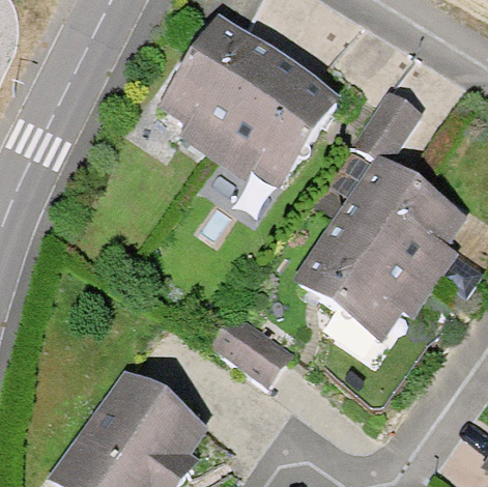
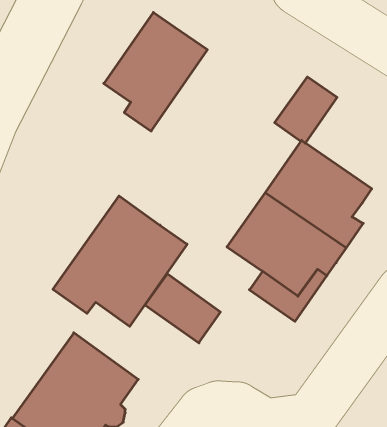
building: [217,58,338,177] -> none
building: none -> [53,196,187,326]

